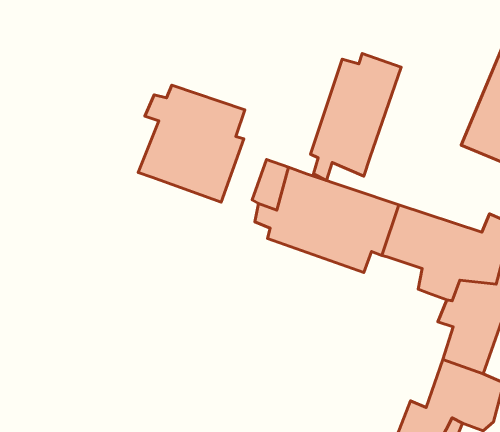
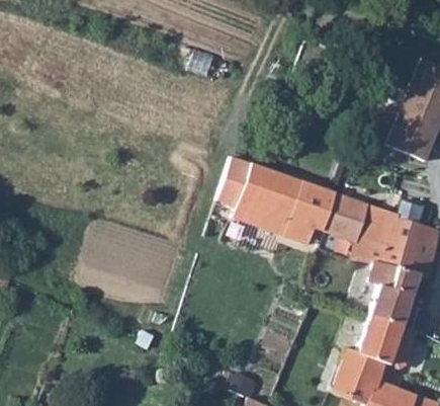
building: [311,54,401,180] -> none
building: [138,85,245,202] -> none

